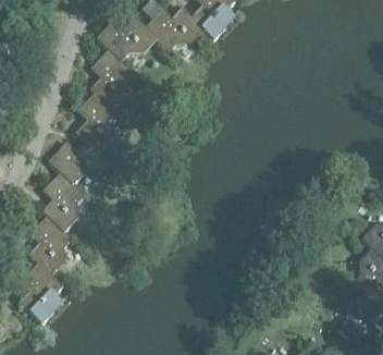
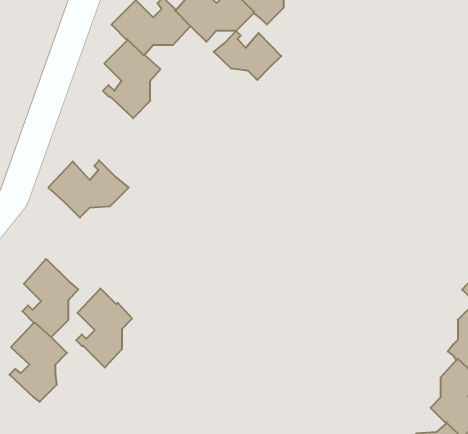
building: none -> [214,30,281,80]
building: [77,91,120,151] -> none
building: [42,171,85,231] -> [76,288,132,368]

